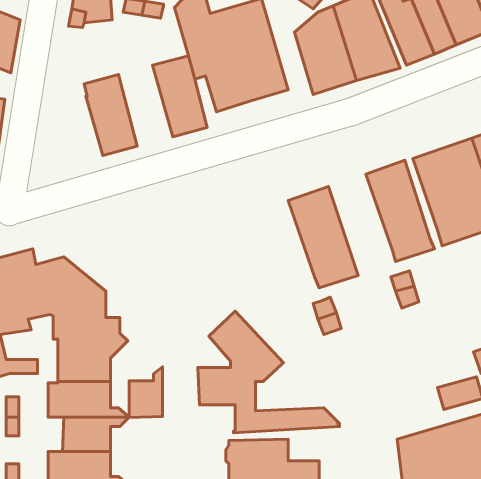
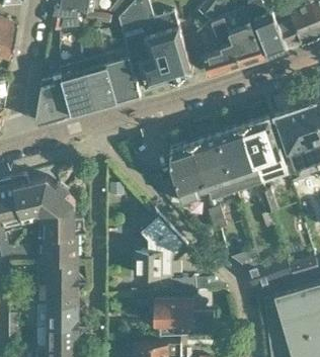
building: none -> [82,56,117,108]
building: none -> [34,76,72,124]
building: none -> [219,126,262,192]
building: none -> [154,144,210,206]
building: [129,367,162,418] -> none

